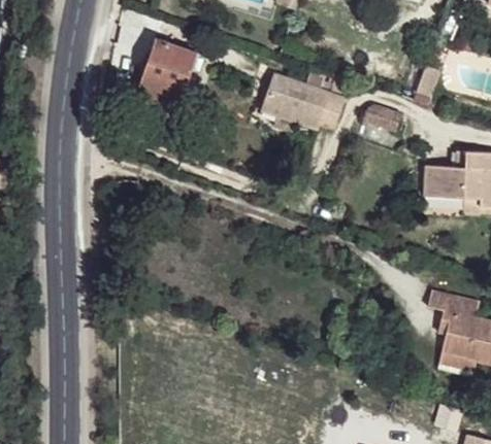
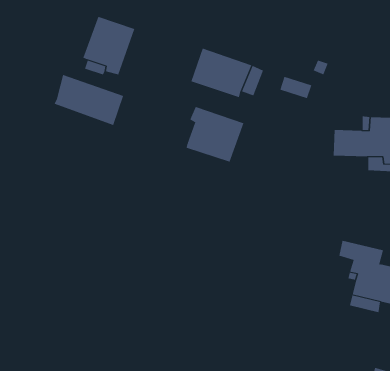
building: none -> [54,74,124,126]
building: none -> [186,106,244,163]

